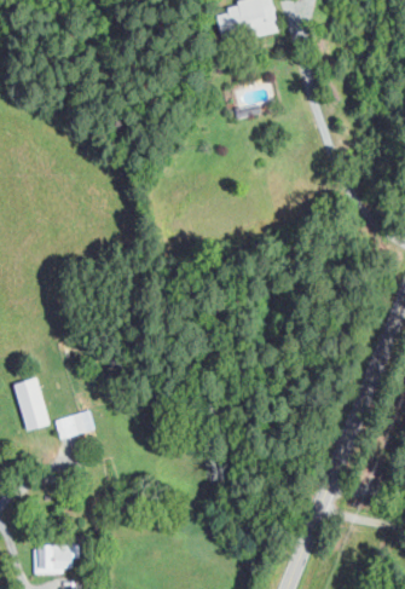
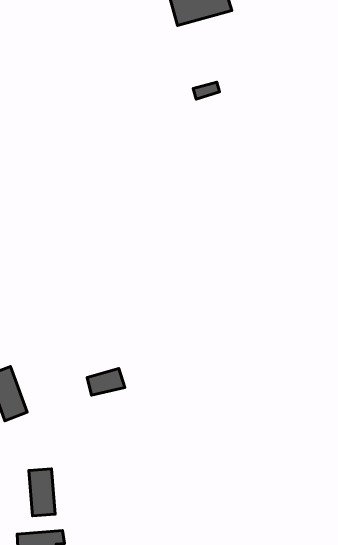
building: [56,411,93,437] -> [87,368,125,395]
building: none -> [29,469,55,516]

